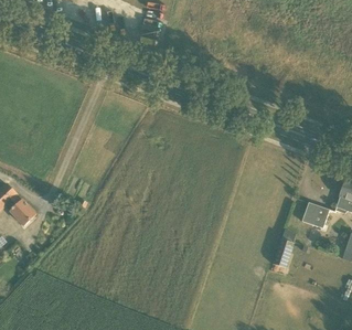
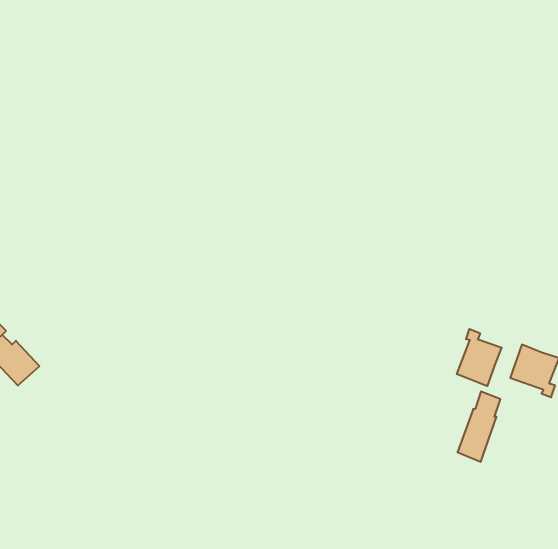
building: none -> [457,329,501,386]

